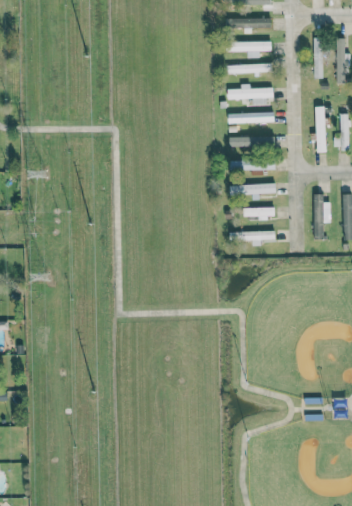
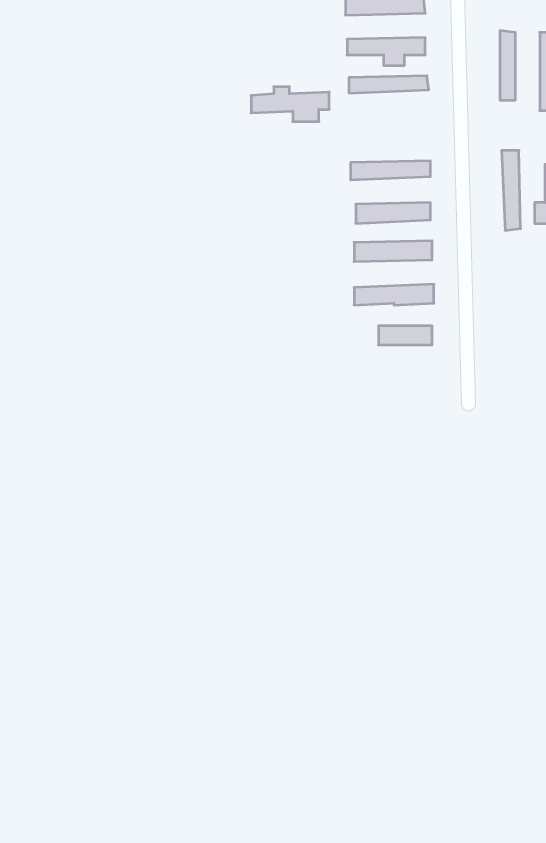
building: [228,84,273,104] -> [251,87,329,122]
building: [313,194,331,239] -> none
building: [233,230,275,245] -> none

